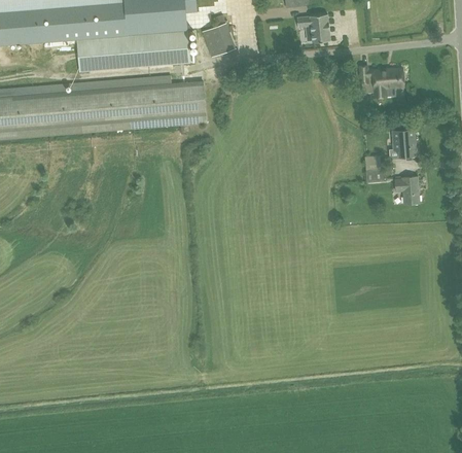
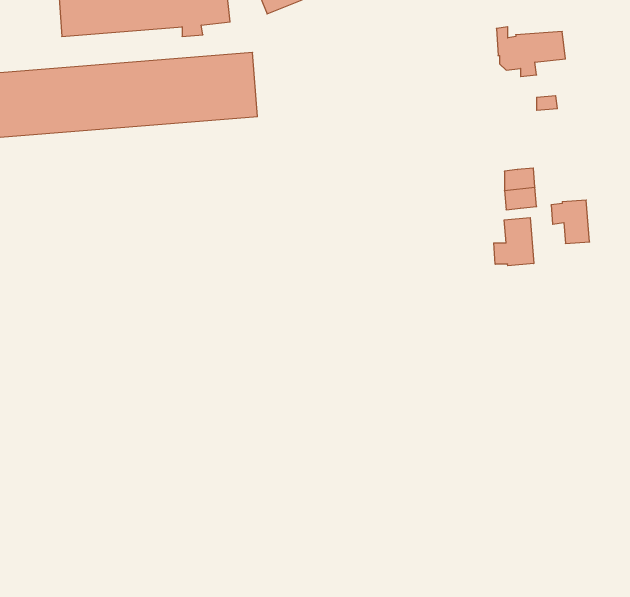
building: [391,127,416,154] -> none
building: none -> [494,218,534,266]

